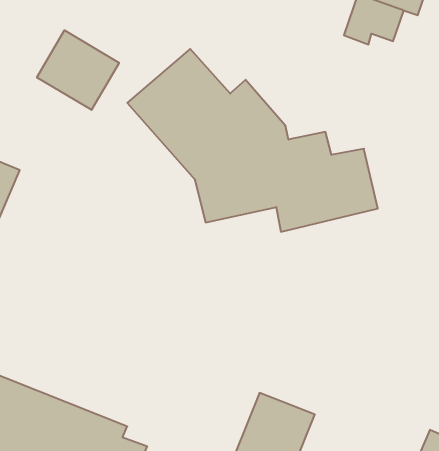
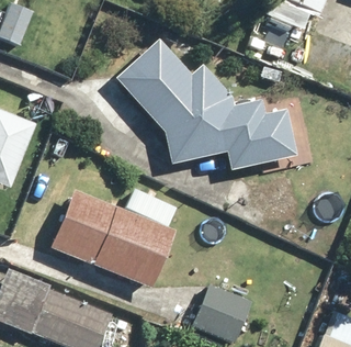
building: [37,30,119,110] -> none
building: none -> [52,187,177,287]

